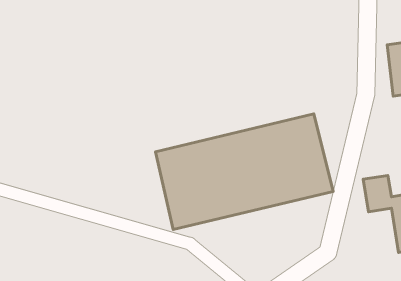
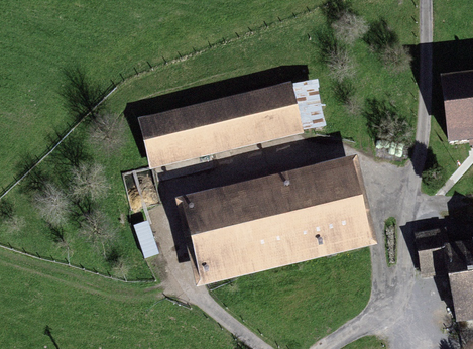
building: none -> [139,77,329,167]

